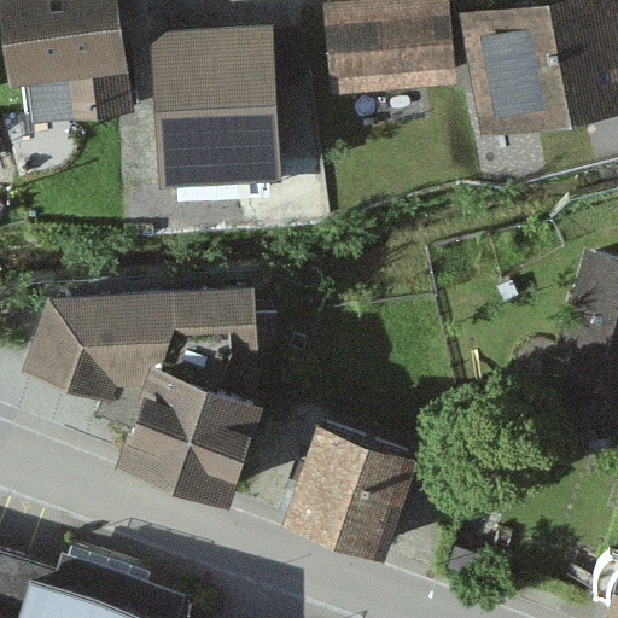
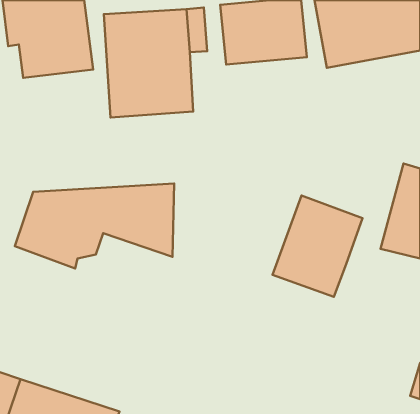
building: none -> [273,196,363,297]
building: [115,352,261,494] -> none
building: [284,412,424,550] -> none

